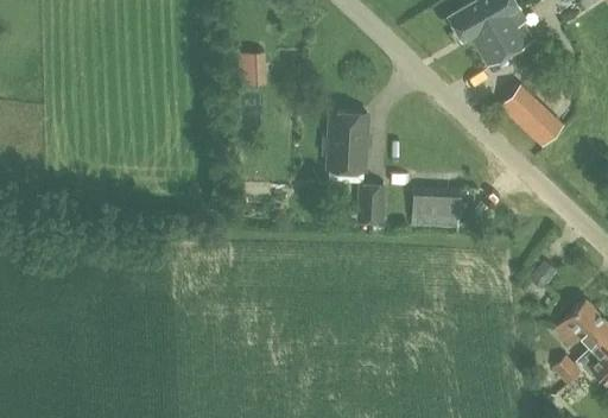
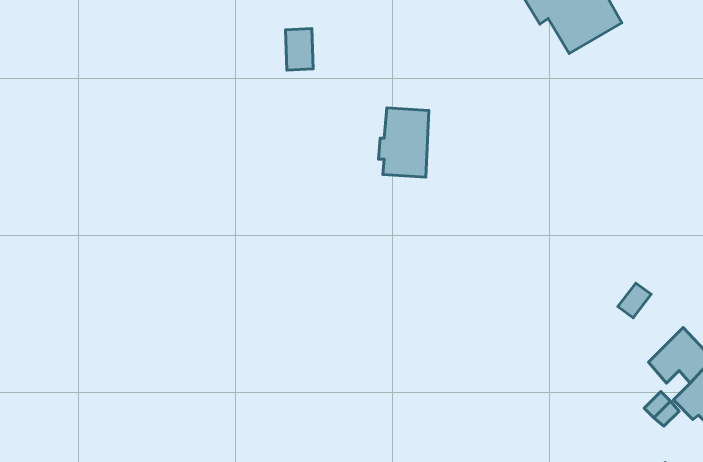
building: [501,90,559,147] -> none
building: [355,184,386,226] -> none
building: [412,189,461,224] -> none

